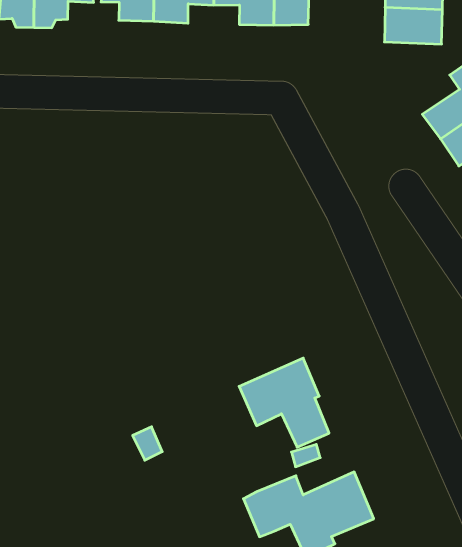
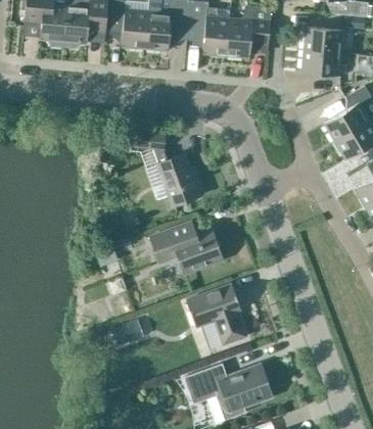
building: none -> [119,131,200,206]
building: none -> [150,222,223,273]

